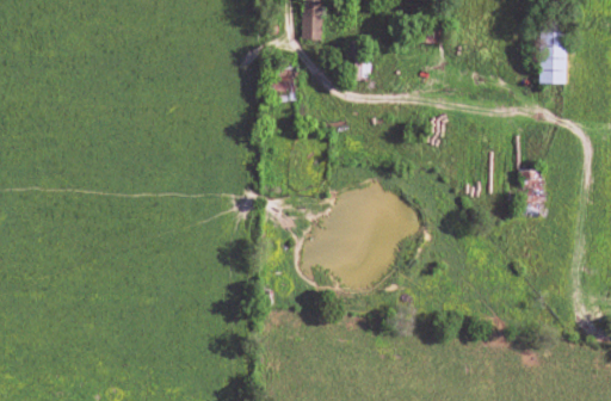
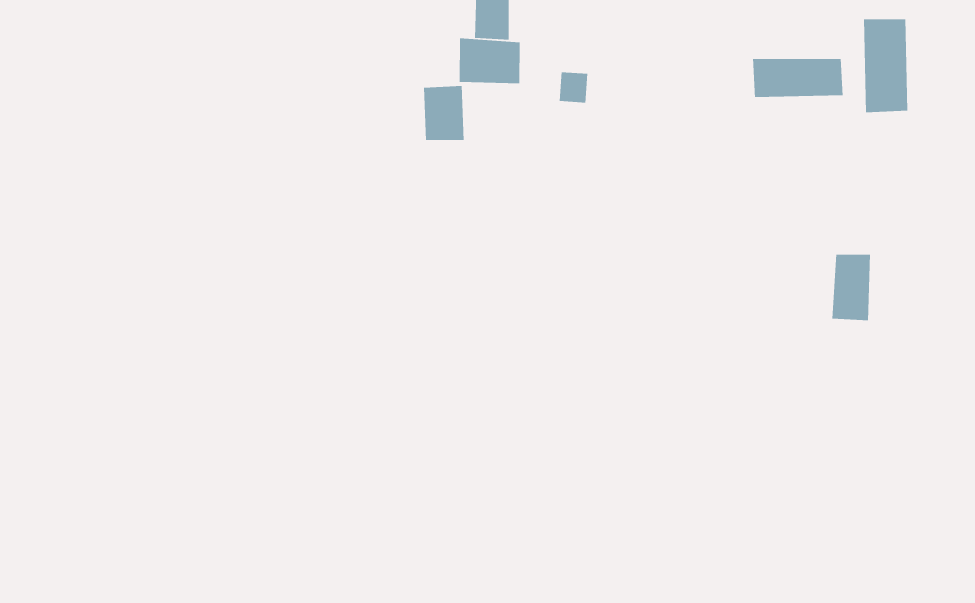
building: none -> [459,38,520,84]
building: none -> [752,58,843,98]

